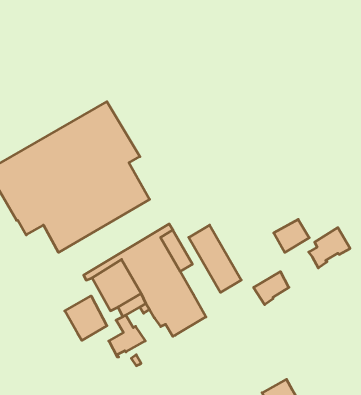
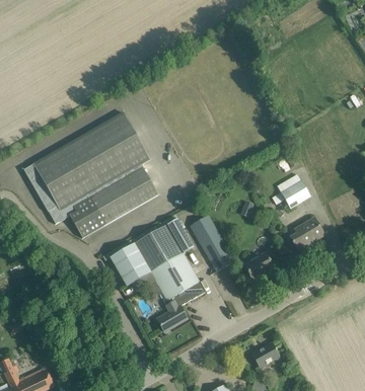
building: [274,219,309,252] -> [280,180,309,208]
building: [65,296,107,340] -> none
building: [109,315,145,357] -> [156,297,187,331]

